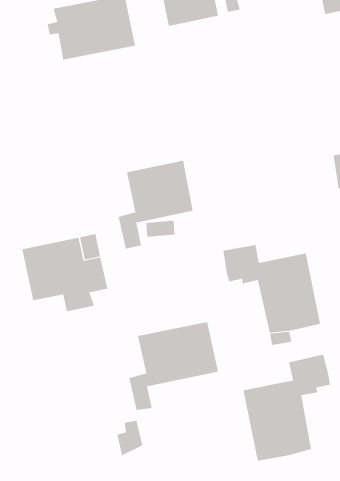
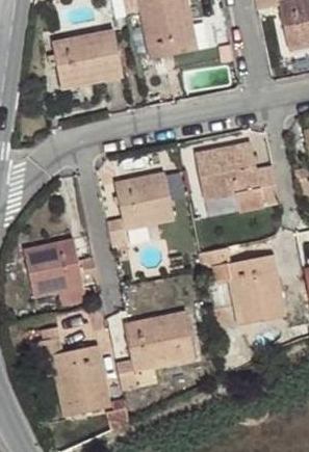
building: none -> [195,143,279,211]
building: none -> [31,326,110,415]
building: [243,354,330,461] -> none

